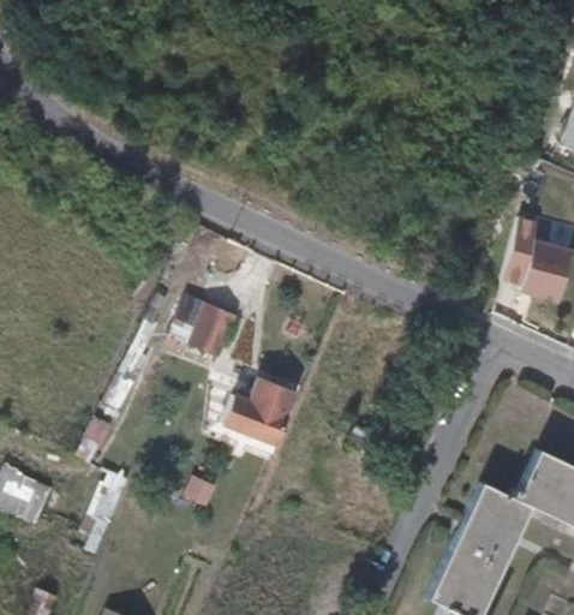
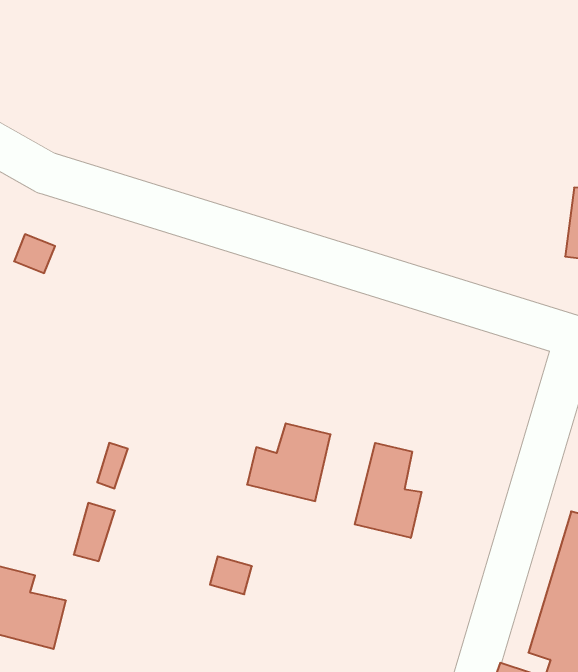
building: [190,301,235,354] -> none
building: none -> [355,443,422,538]

